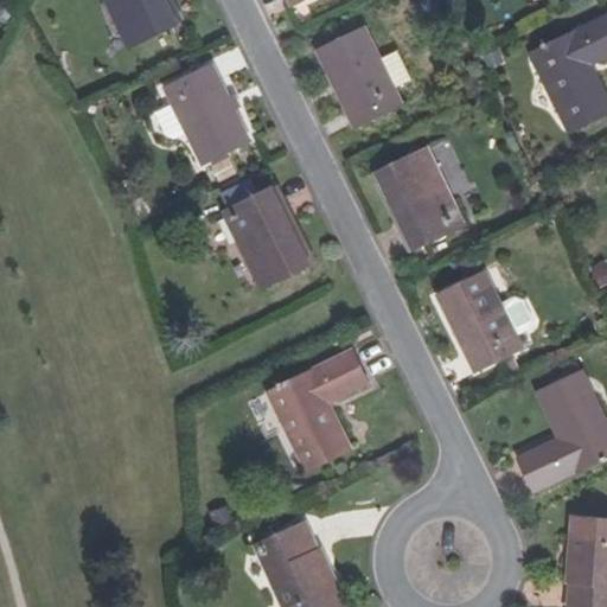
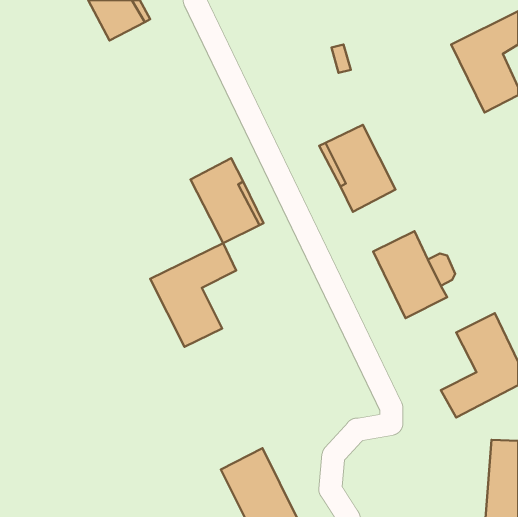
building: [317,27,402,128] -> none
building: [164,65,249,165] -> none
building: [267,351,368,472] -> [150,243,236,347]

